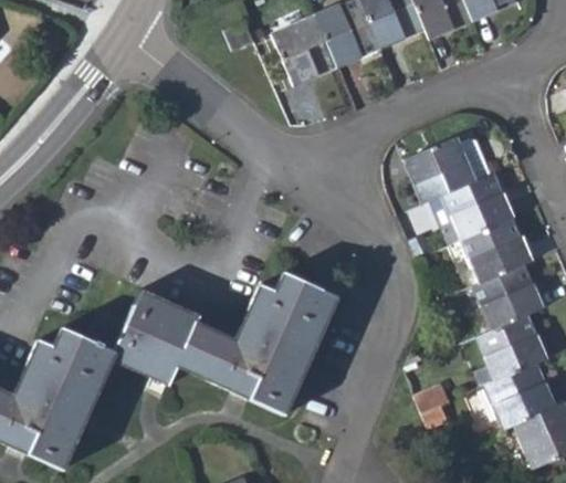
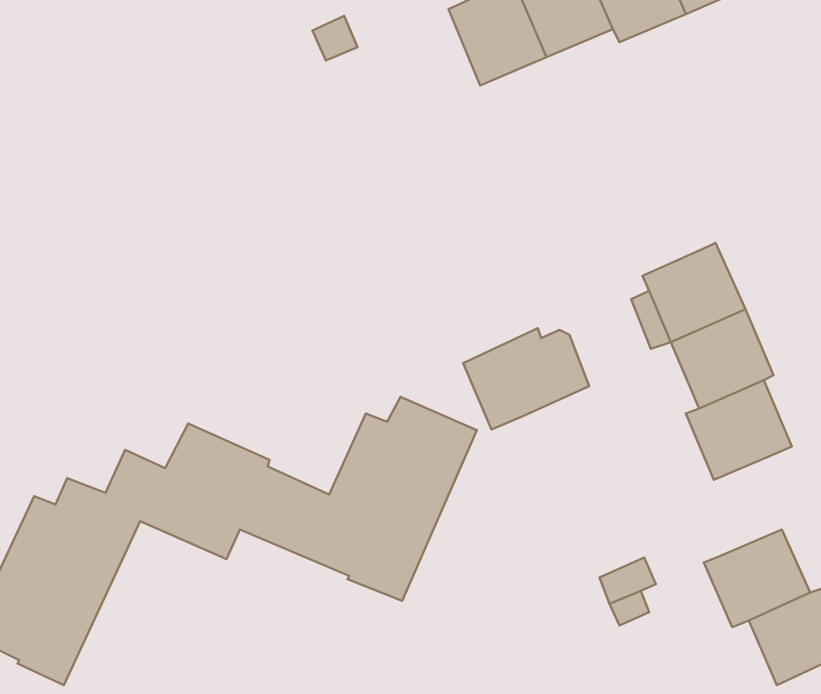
building: [272,17,336,85] -> none
building: [405,136,489,203] -> [463,328,589,429]
building: [476,315,547,381] -> none

